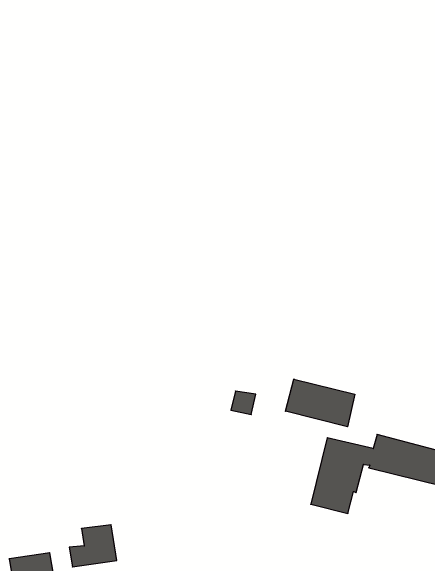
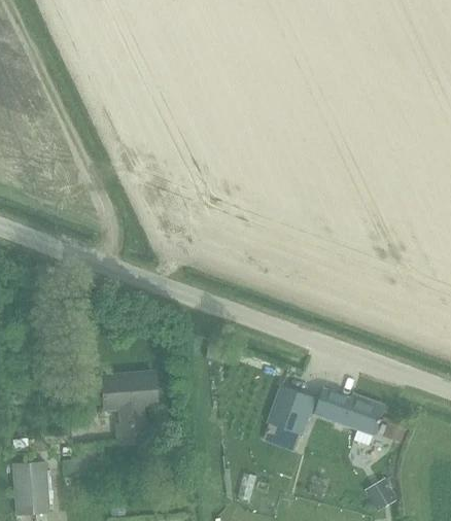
building: [285,379,355,427] -> none
building: none -> [102,372,157,444]

